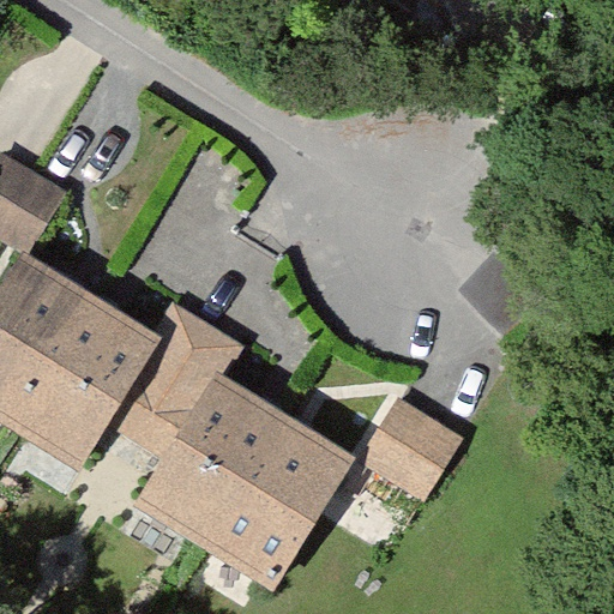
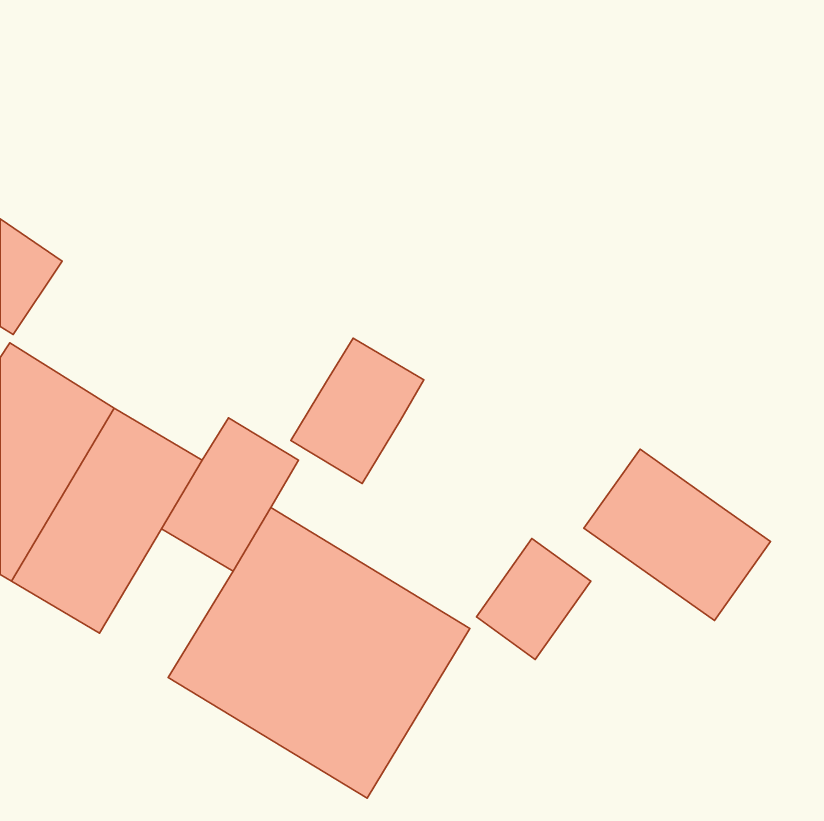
building: none -> [291,338,424,484]
building: none -> [584,449,770,621]

